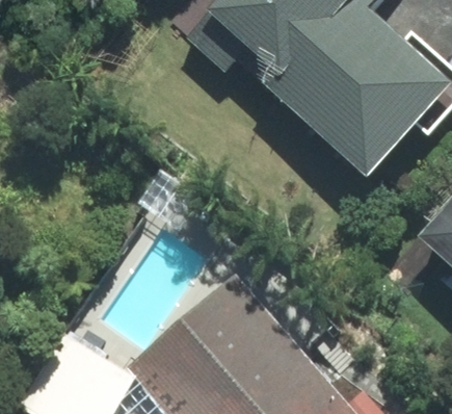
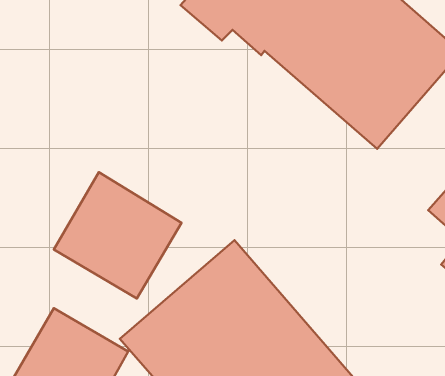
building: none -> [54,172,181,299]

